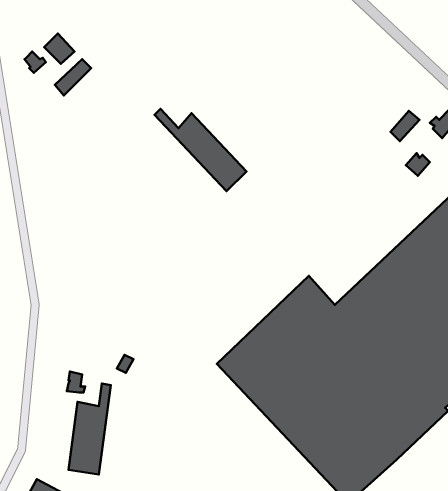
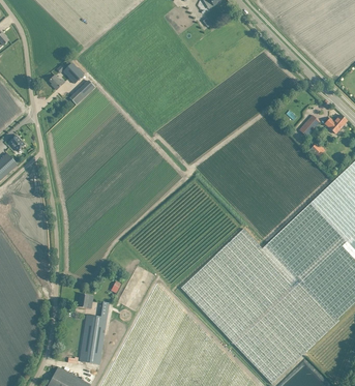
building: [154,109,247,191] -> none

